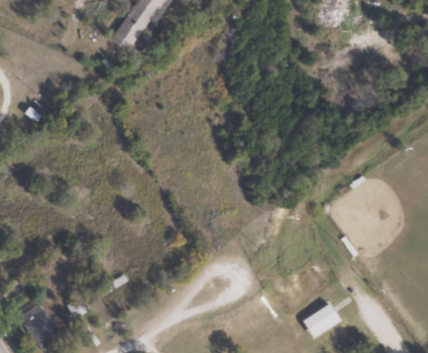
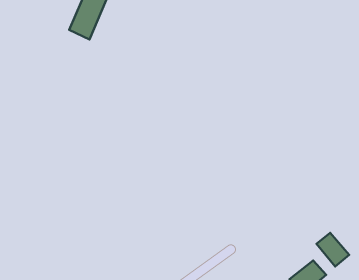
building: none -> [316,233,349,266]

